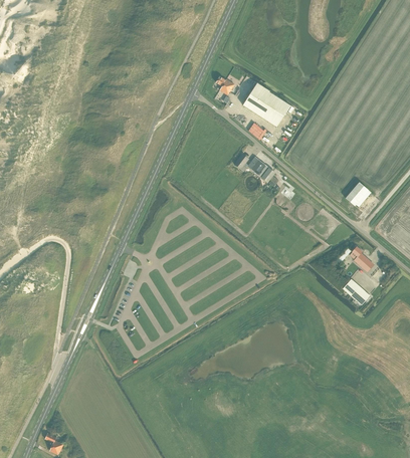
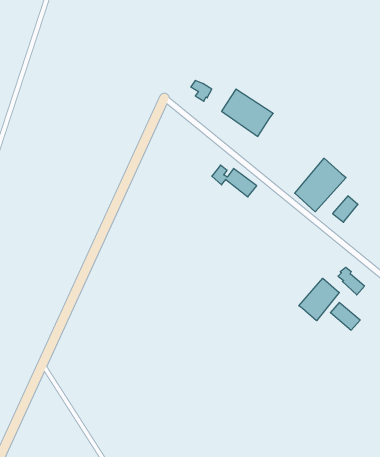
building: none -> [295,158,346,212]
building: none -> [299,278,339,321]

